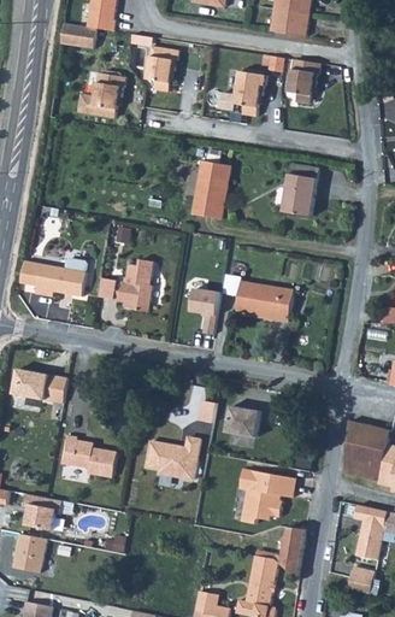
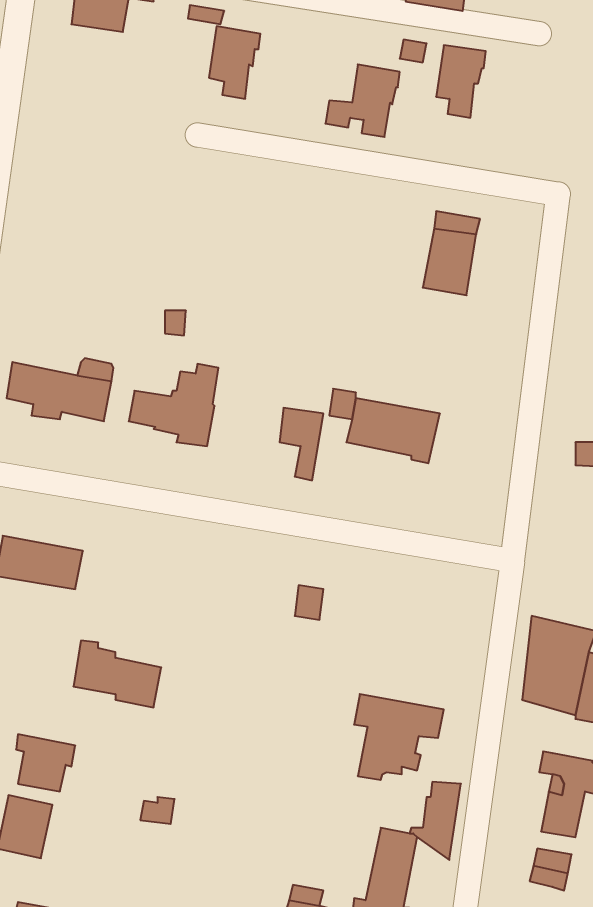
building: [93,74,125,118] -> none
building: [191,161,228,218] -> none
building: [224,405,259,436] -> none
building: [145,436,199,480] -> none

